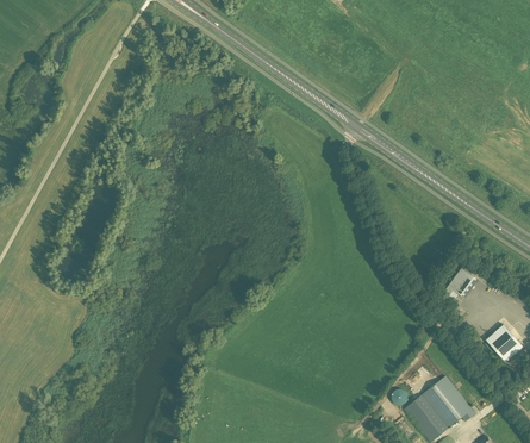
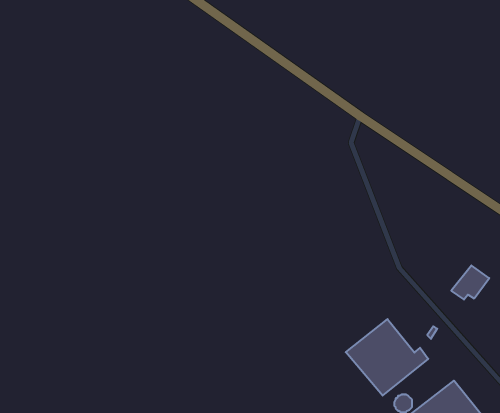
building: none -> [346,319,428,396]

